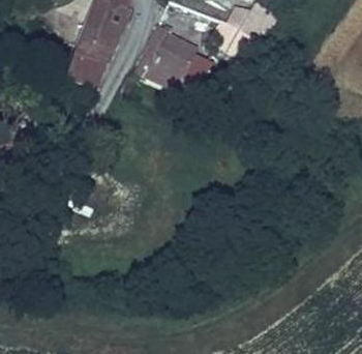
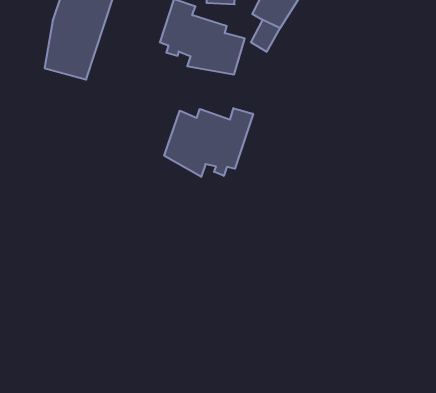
building: none -> [164,108,253,177]

